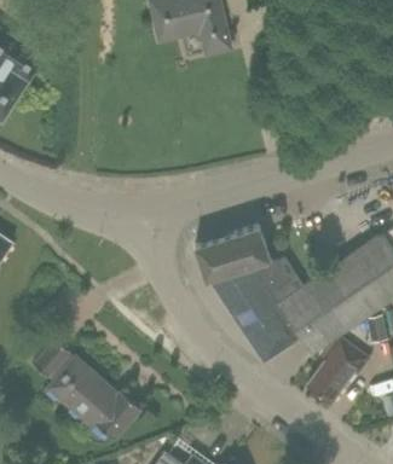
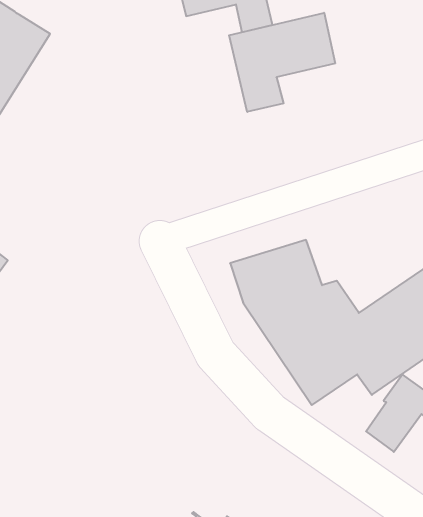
building: none -> [229,13,335,112]
building: [34,337,143,440] -> none

